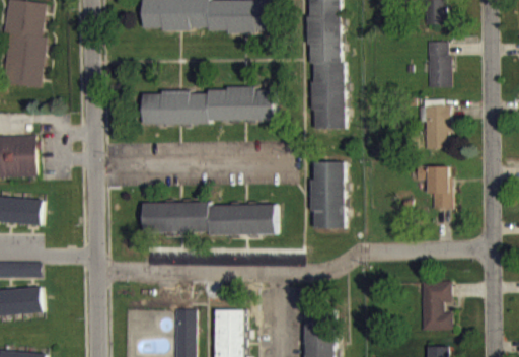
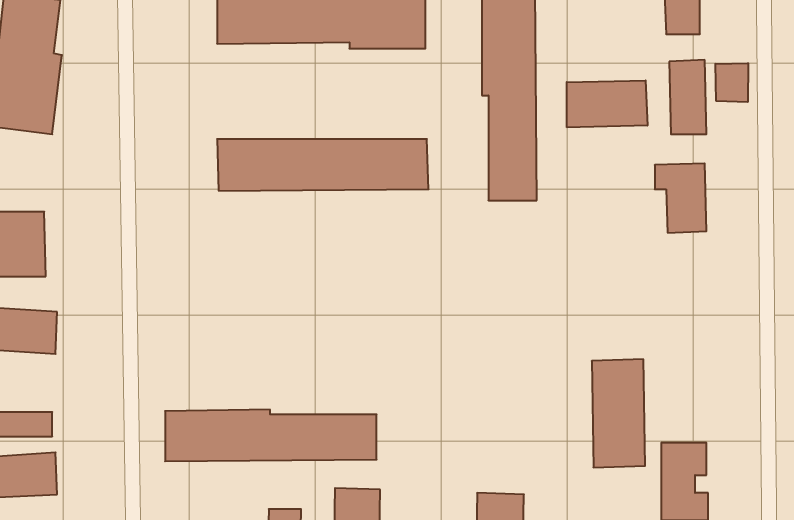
building: none -> [715,63,748,102]
building: none -> [567,80,647,127]
building: [311,161,345,229] -> [592,359,645,467]
building: [416,166,450,209] -> none
building: [143,202,276,234] -> [165,410,377,461]

